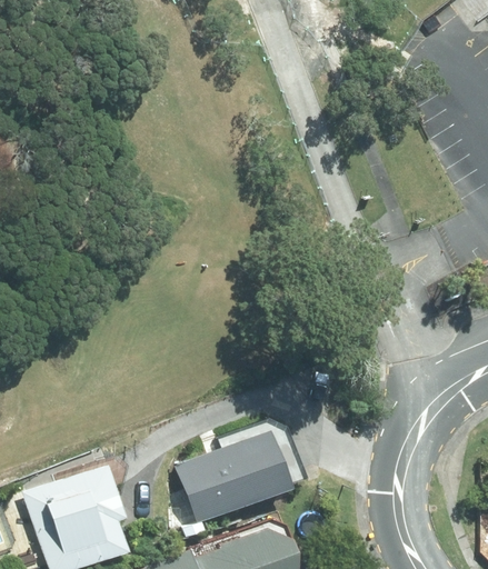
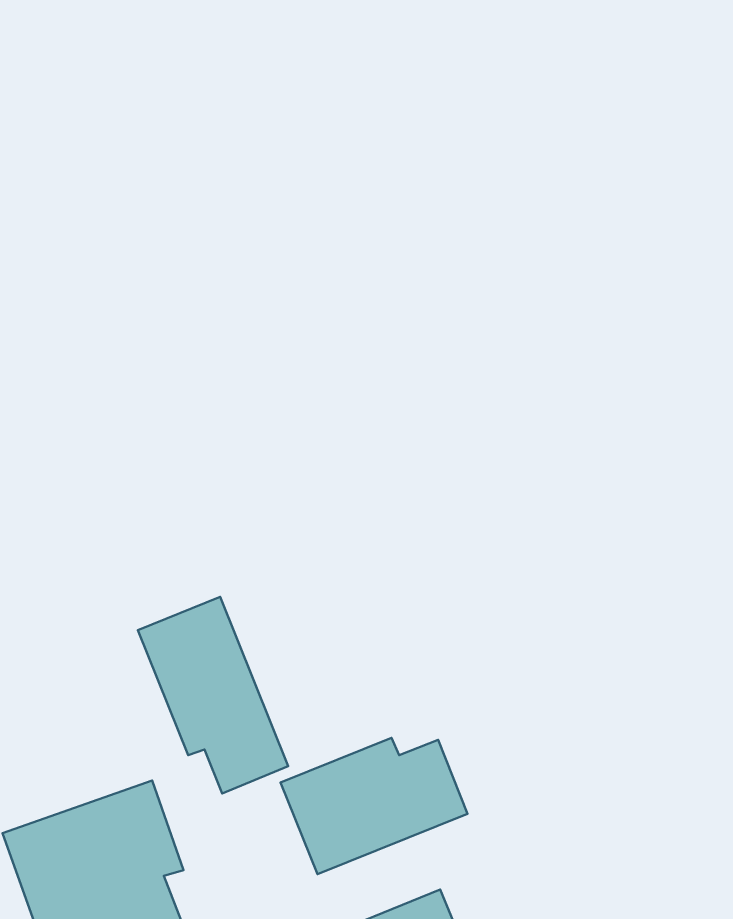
building: none -> [138,597,288,793]

